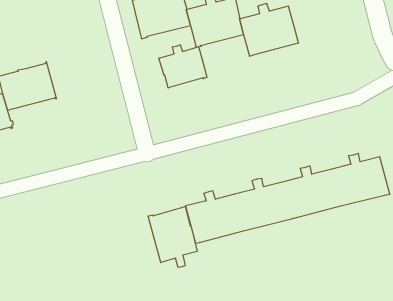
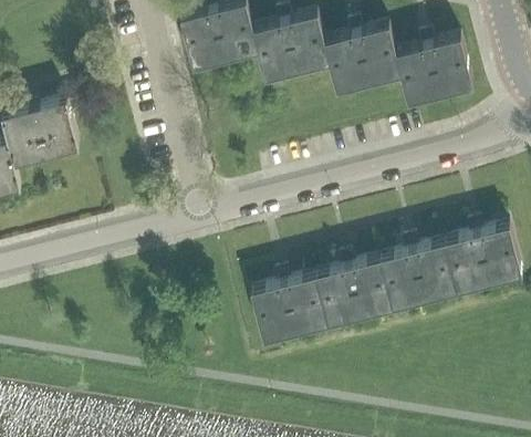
building: none -> [395,34,472,105]
building: [159,45,207,88] -> none
building: [148,207,197,267] -> none

